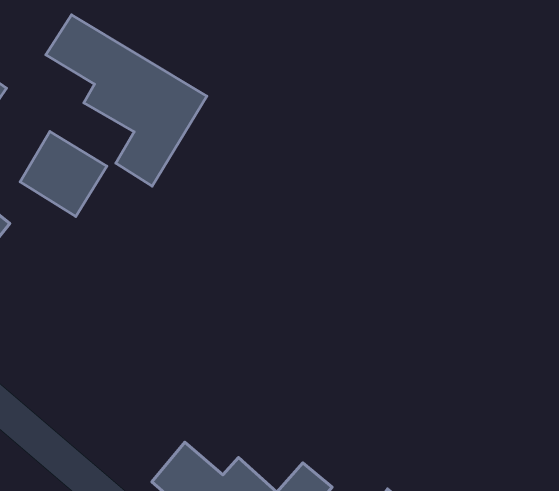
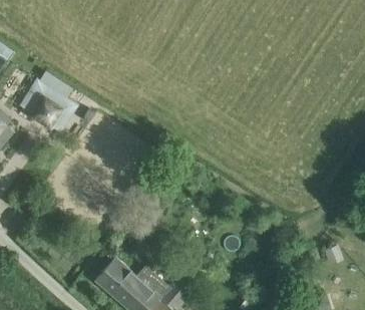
building: [46,15,207,186] -> none

